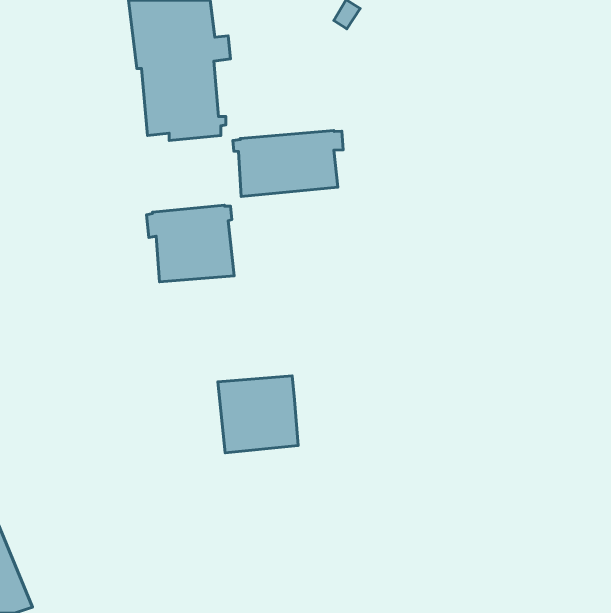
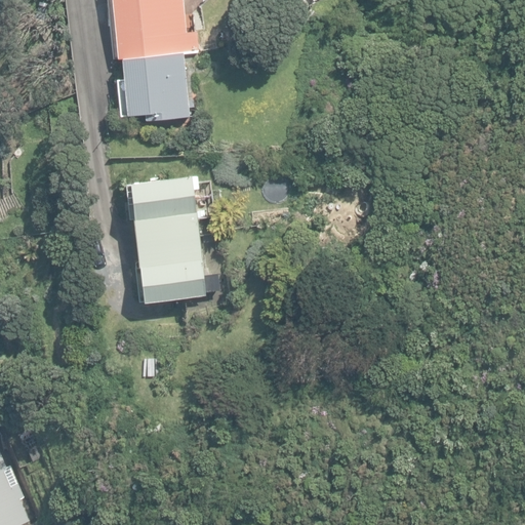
building: [233,131,343,197] -> none
building: [218,376,298,453] -> [136,236,205,301]

